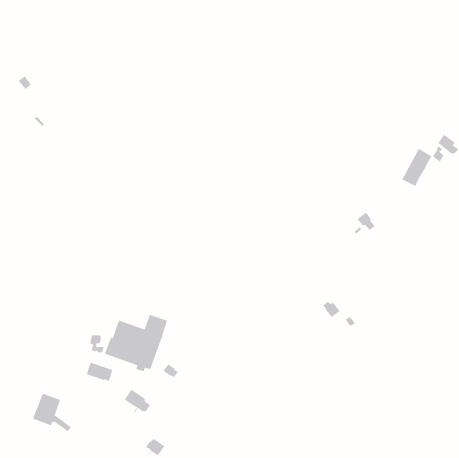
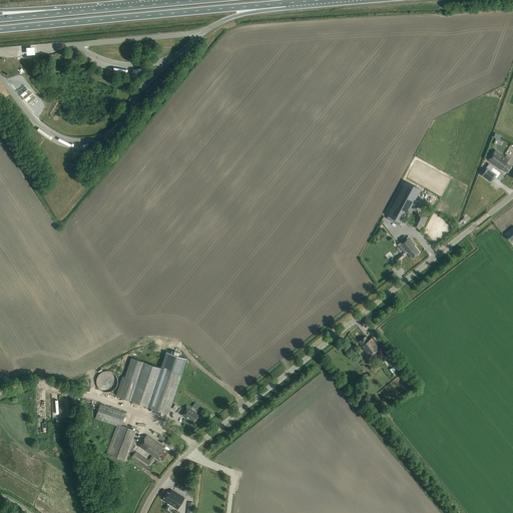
building: [402,148,432,187] -> [387,179,421,222]
building: [32,393,72,432] -> [106,424,150,468]

